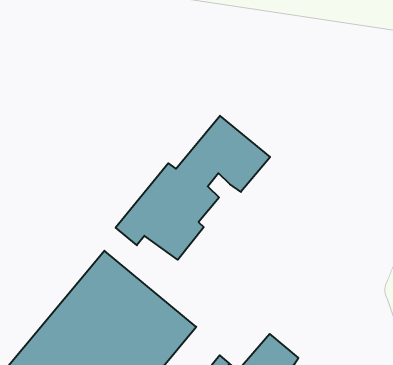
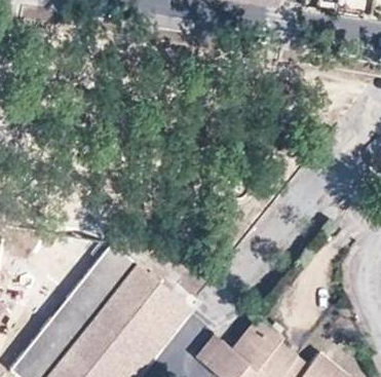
building: [116,116,270,260] -> none

